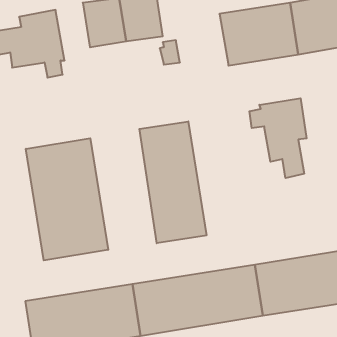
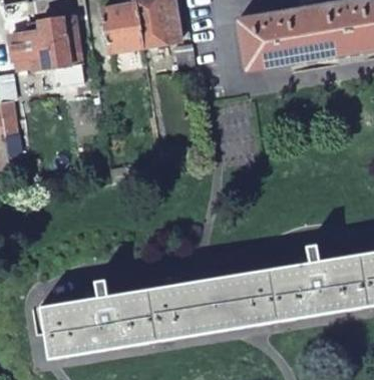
building: [249,98,307,178] -> none
building: [139,121,206,243] -> none
building: [26,138,108,260] -> none

